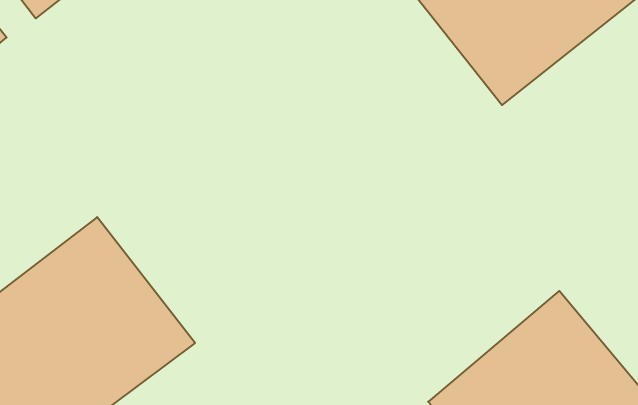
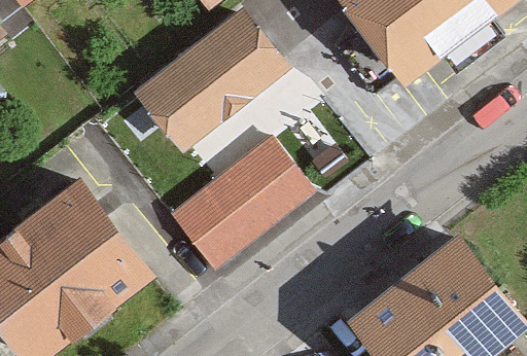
building: none -> [136,7,291,154]
building: none -> [170,135,313,272]

